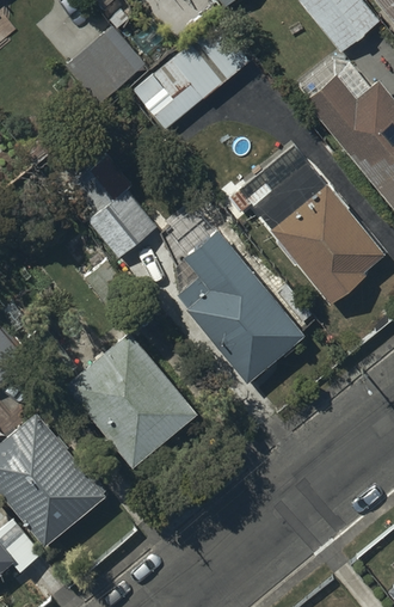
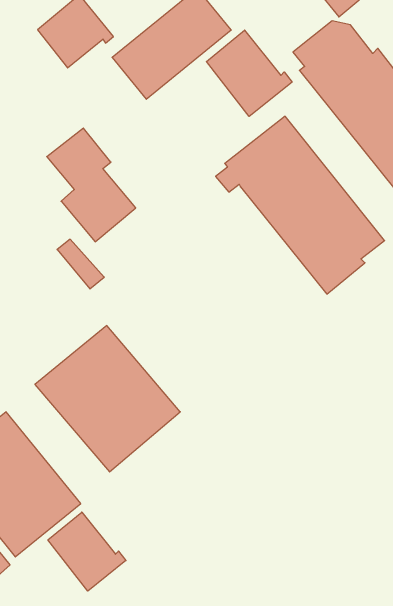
building: none -> [206,30,292,116]
building: [172,231,304,386] -> none
building: none -> [48,512,126,591]

